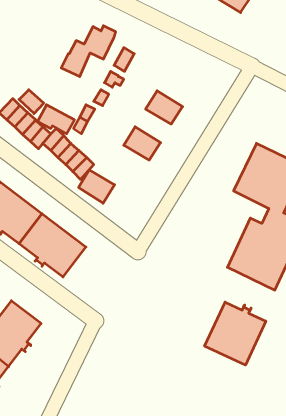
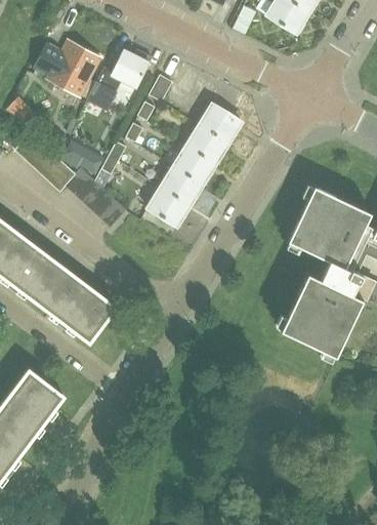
building: none -> [33,40,100,97]
building: none -> [199,105,242,144]
building: none -> [173,147,215,186]
building: [79,170,115,203] -> [148,189,190,228]
building: [205,302,266,365] -> none

